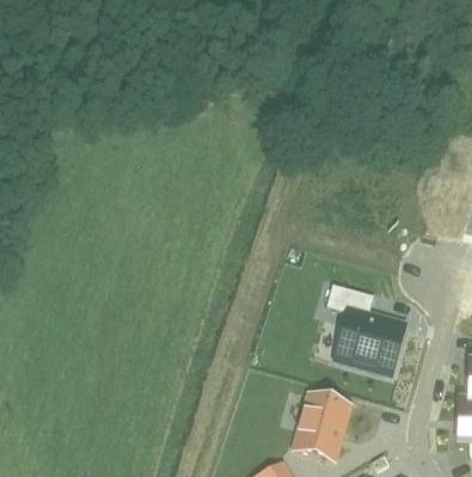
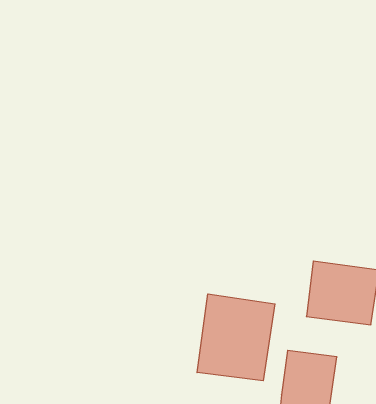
building: none -> [197,294,275,381]

